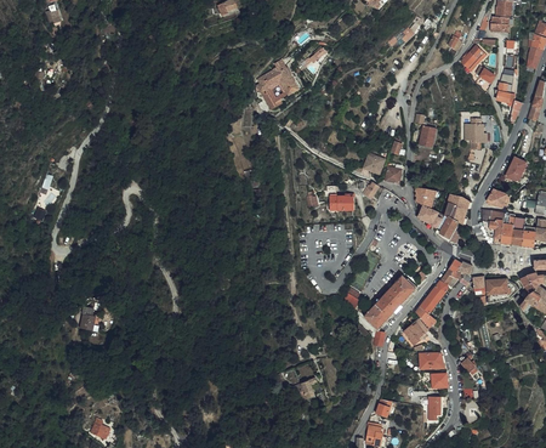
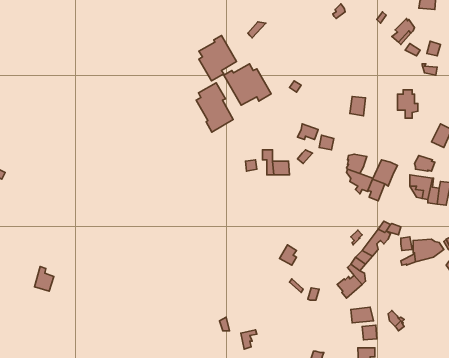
building: none -> [224,64,271,105]
building: none -> [196,83,233,132]
building: [364,277,416,329] -> none

